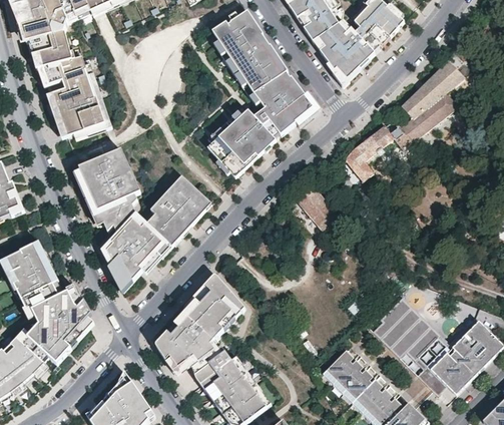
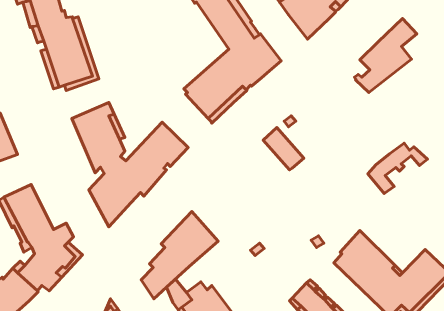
building: [345,123,411,179] -> [368,143,428,194]
building: [196,335,224,364] -> none

